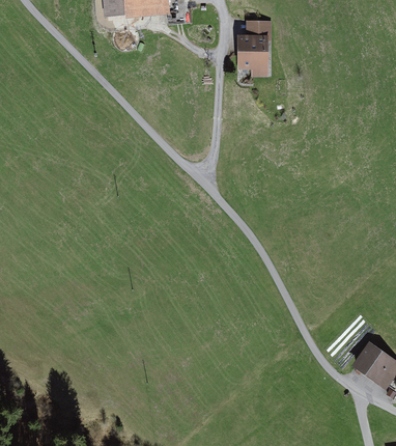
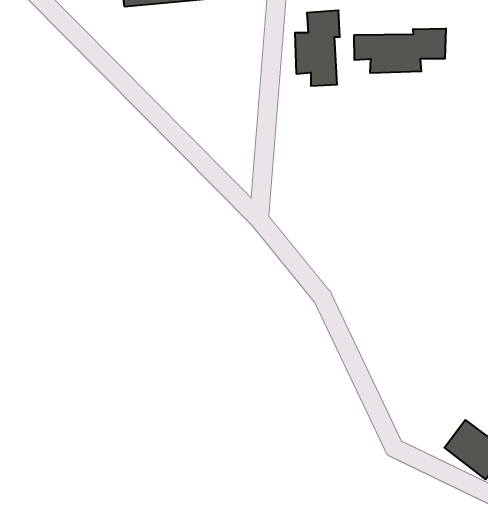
building: none -> [354,28,446,73]

